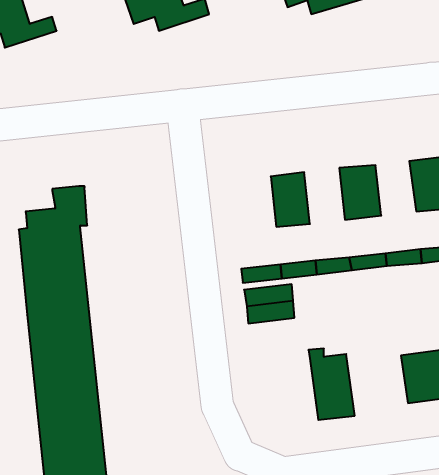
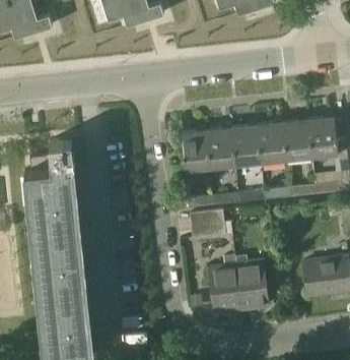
building: none -> [284,120,313,160]
building: none -> [232,125,262,166]
building: none -> [182,131,212,171]
building: none -> [210,255,242,312]

